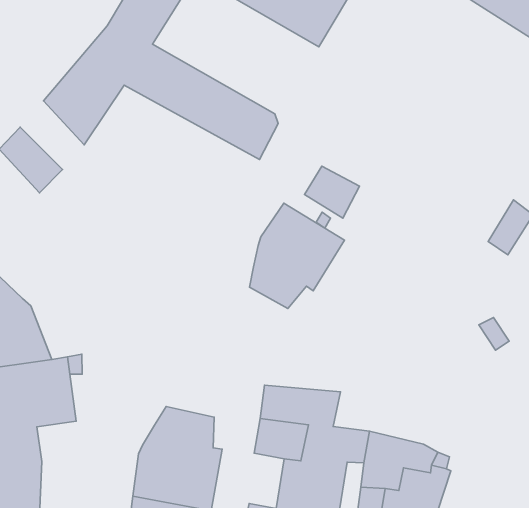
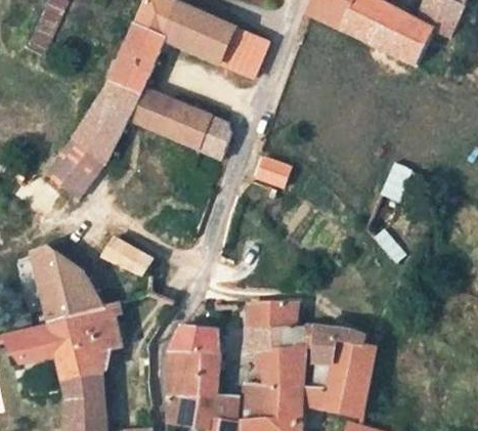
building: none -> [60,136,106,180]
building: [249,203,344,308] -> none
building: none -> [103,240,154,275]

